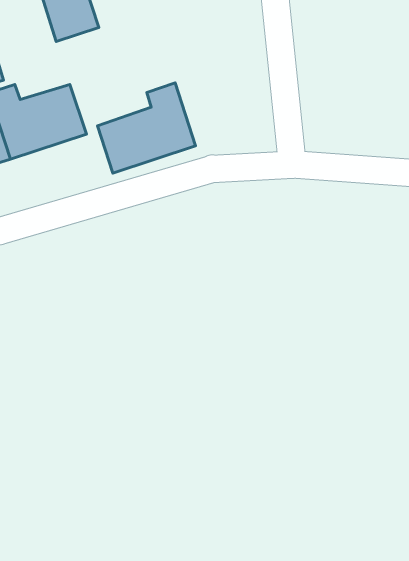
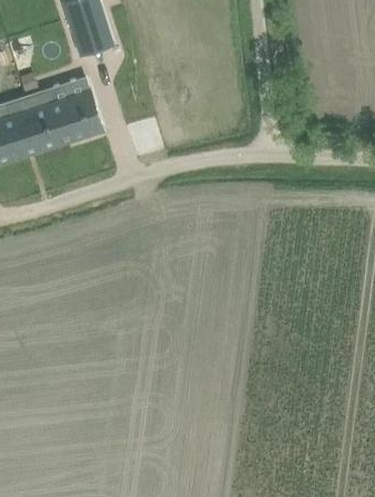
building: [98,83,195,173] -> none

